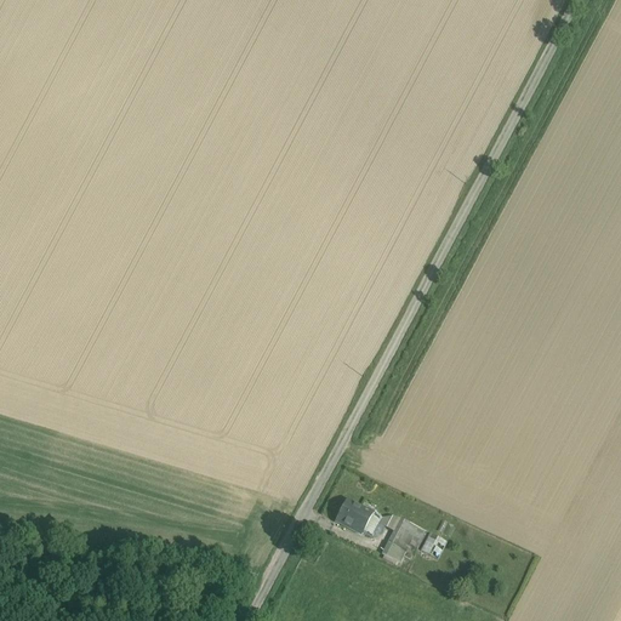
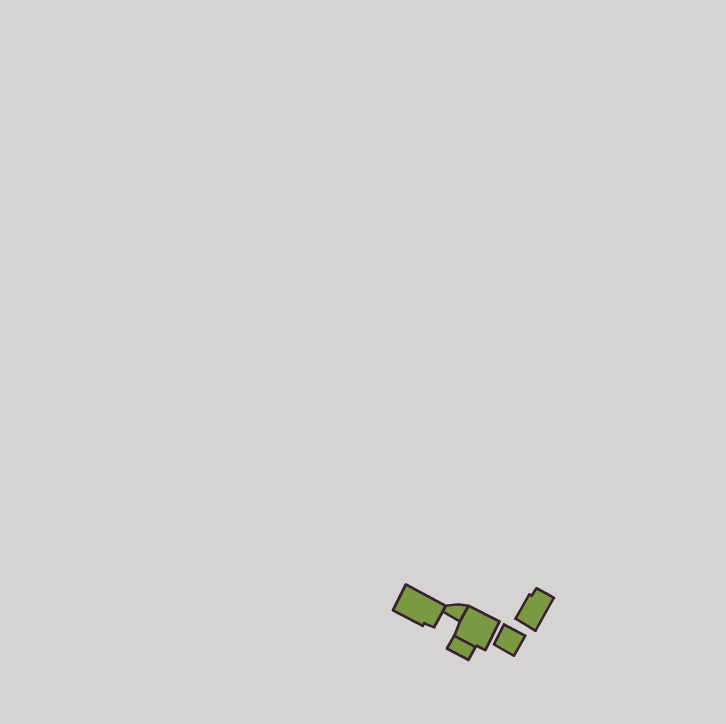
building: none -> [515,588,554,631]

